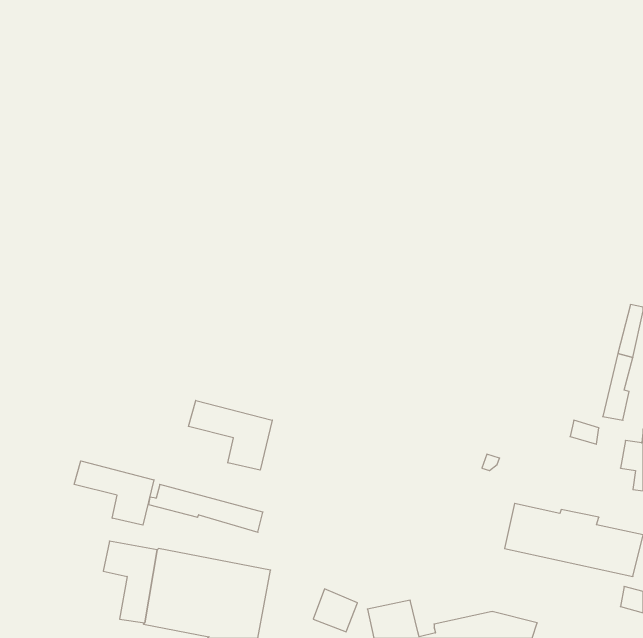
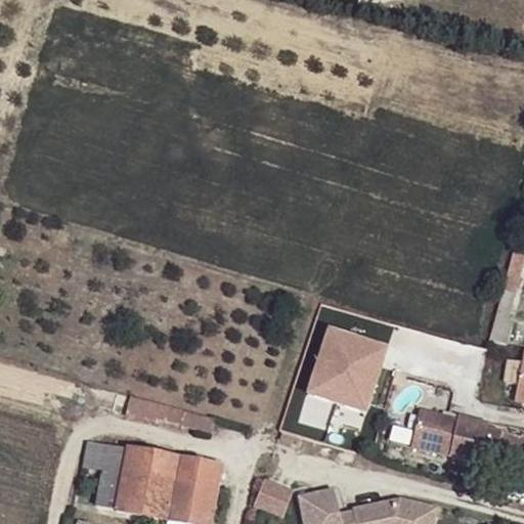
building: [188,400,272,470] -> none
building: none -> [309,330,386,411]
building: [74,461,154,525] -> none

